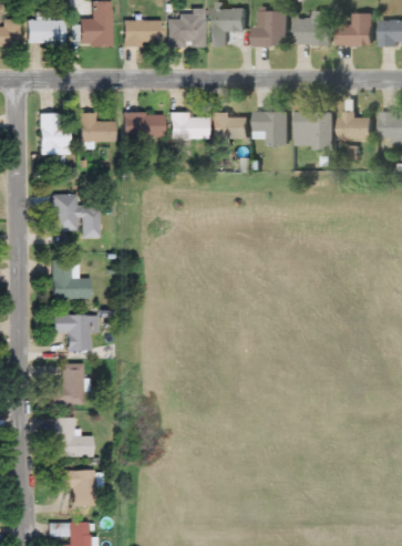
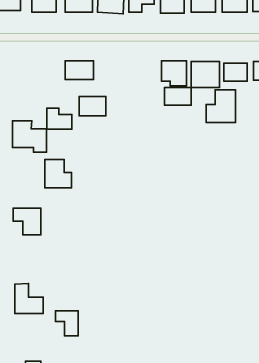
building: [172,112,208,138] -> [79,97,106,116]
building: [41,113,69,153] -> none
building: [80,113,114,142] -> [47,108,72,129]
building: [213,114,249,138] -> [165,87,191,105]
building: none -> [206,90,236,122]
building: [53,259,90,298] -> [45,159,72,188]
building: [49,363,85,404] -> none
building: [62,473,93,507] -> [56,311,78,336]

